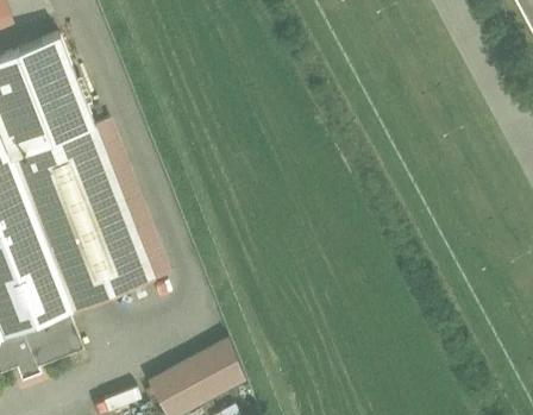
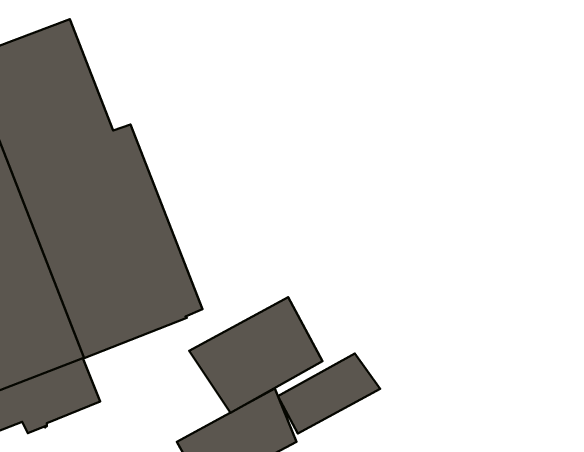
building: none -> [189,297,322,413]
building: none -> [278,353,380,434]

